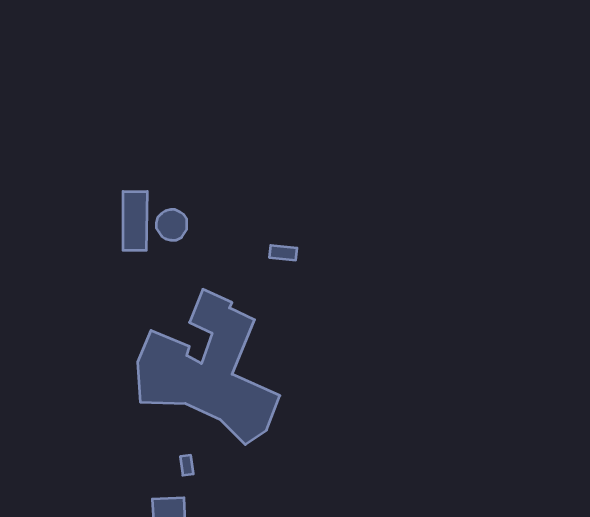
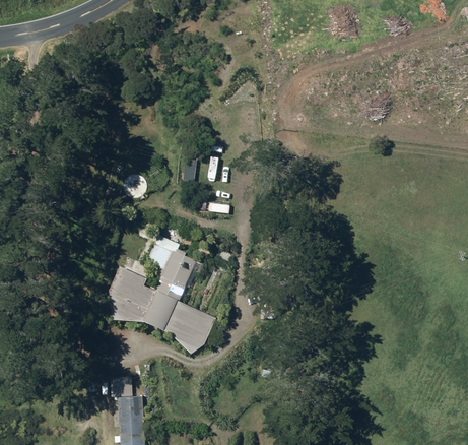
building: [123,191,147,250] -> none
building: none -> [110,374,131,395]

